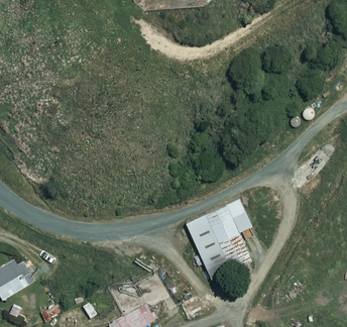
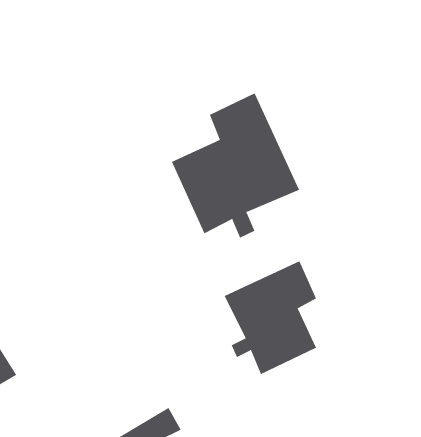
building: none -> [171,93,300,238]

